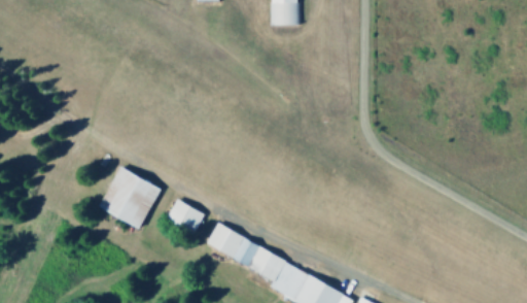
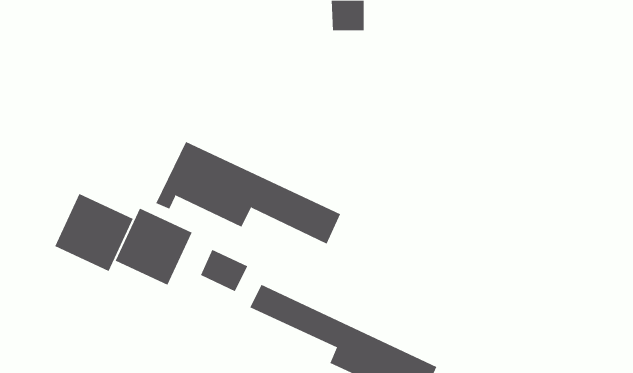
building: none -> [156,141,341,244]
building: none -> [54,193,134,272]

